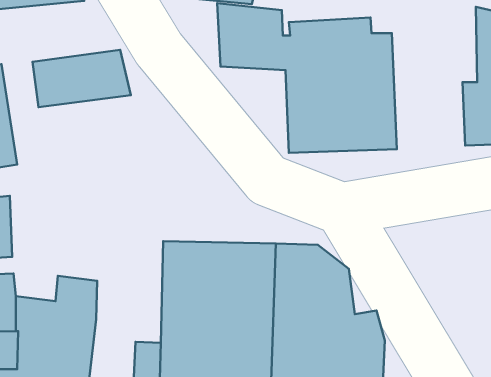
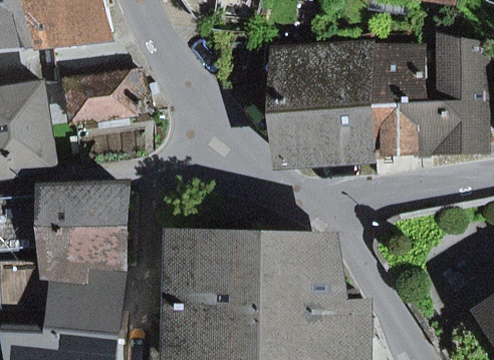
building: none -> [369,46,431,153]
building: none -> [48,188,126,281]

